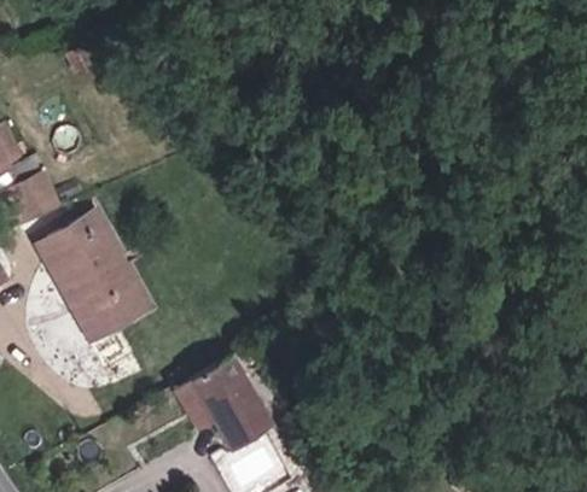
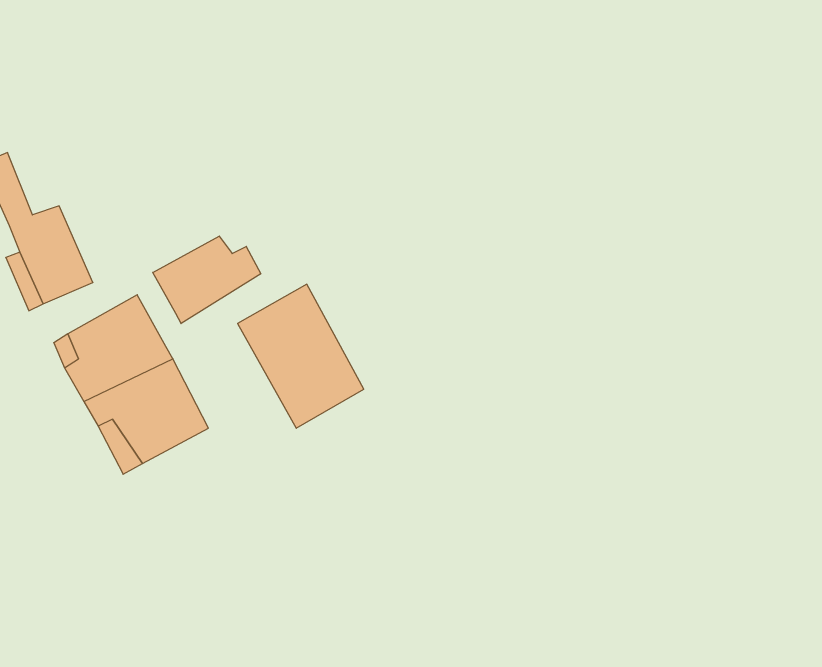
building: none -> [153,236,261,324]
building: [187,353,273,451] -> [238,284,364,428]

